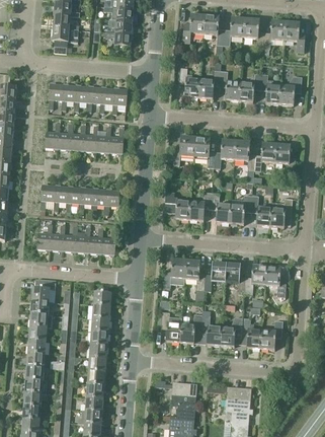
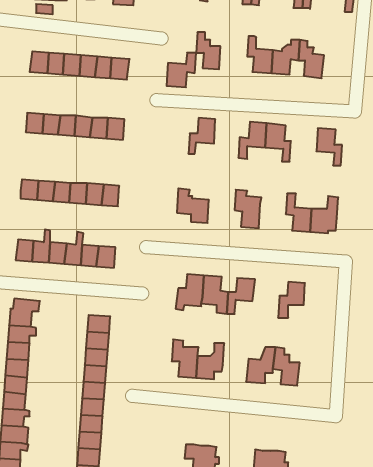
building: [197,70,221,97] -> [167,53,196,87]
building: [278,75,301,104] -> none
building: [193,136,214,166] -> none
building: [253,142,275,170] -> none
building: [188,191,211,220] -> none
building: [229,194,251,223] -> none
building: [224,263,245,293] -> none
building: [264,266,286,295] -> none
building: [199,313,221,344] -> none
building: [259,318,282,348] -> none

